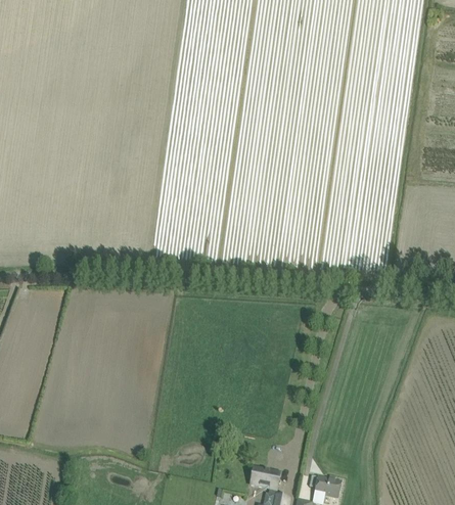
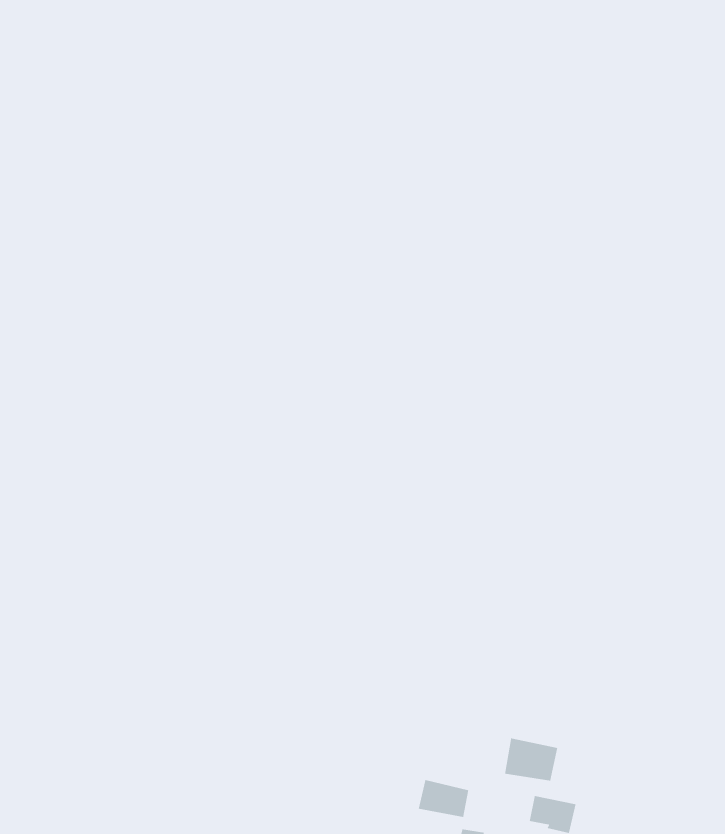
building: none -> [504,738,558,781]

